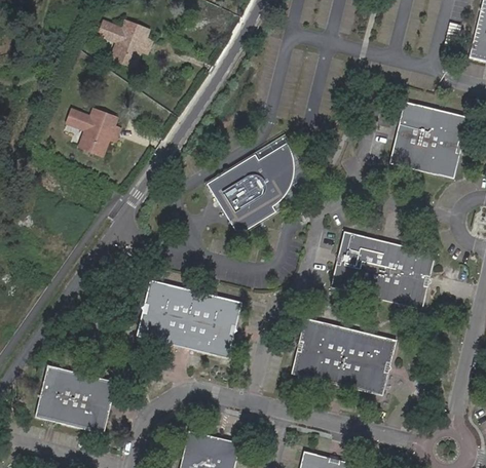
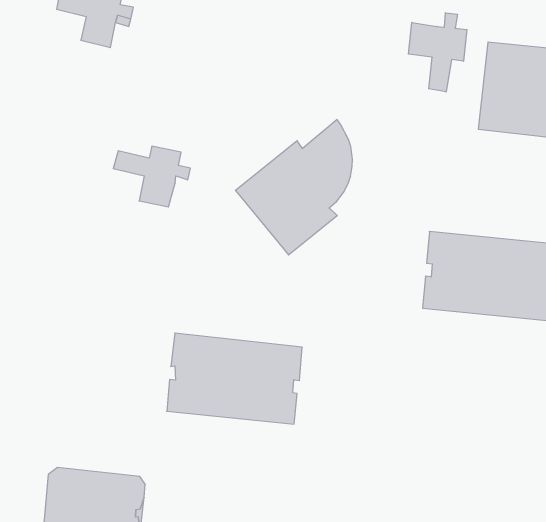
building: none -> [408,13,467,92]
building: [64,110,119,155] -> [113,146,190,207]
building: [291,317,395,394] -> none

